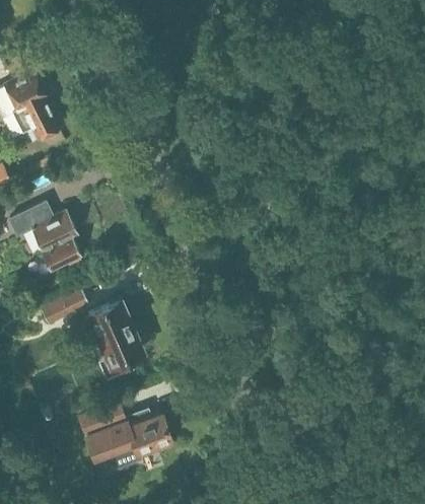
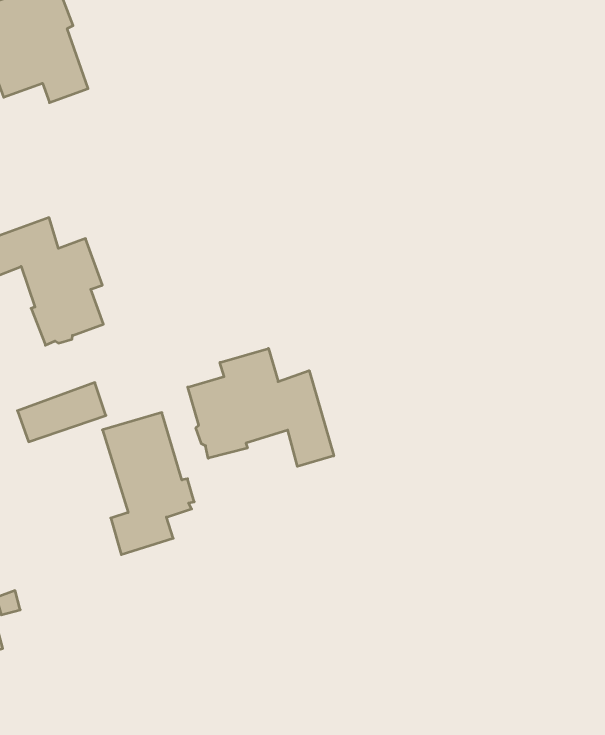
building: none -> [188,348,334,466]
building: [78,402,172,455] -> none

